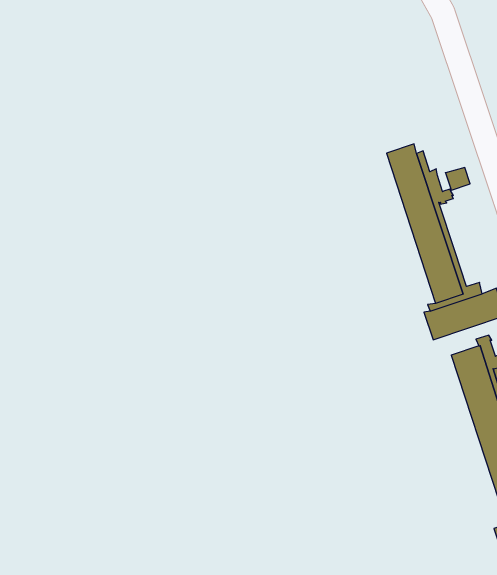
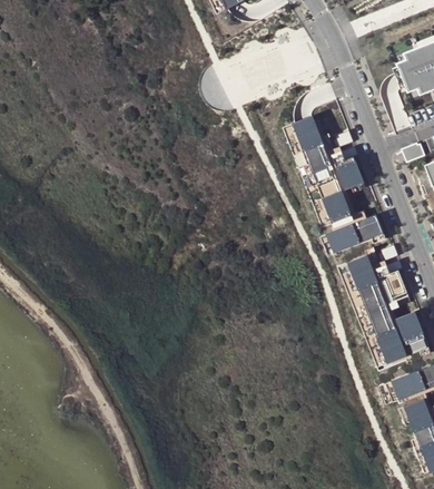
building: none -> [332,145,363,189]

